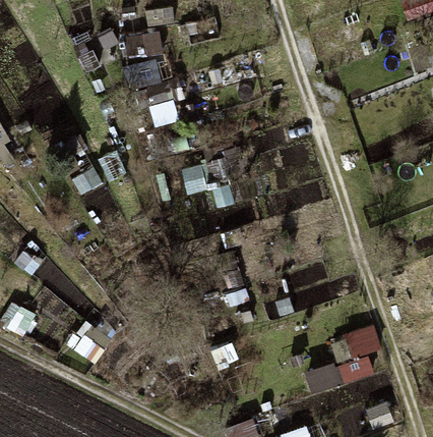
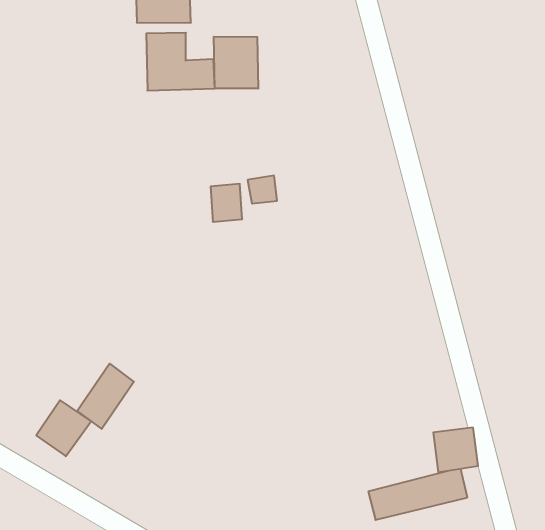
building: none -> [214,37,258,89]
building: none -> [77,364,134,429]

